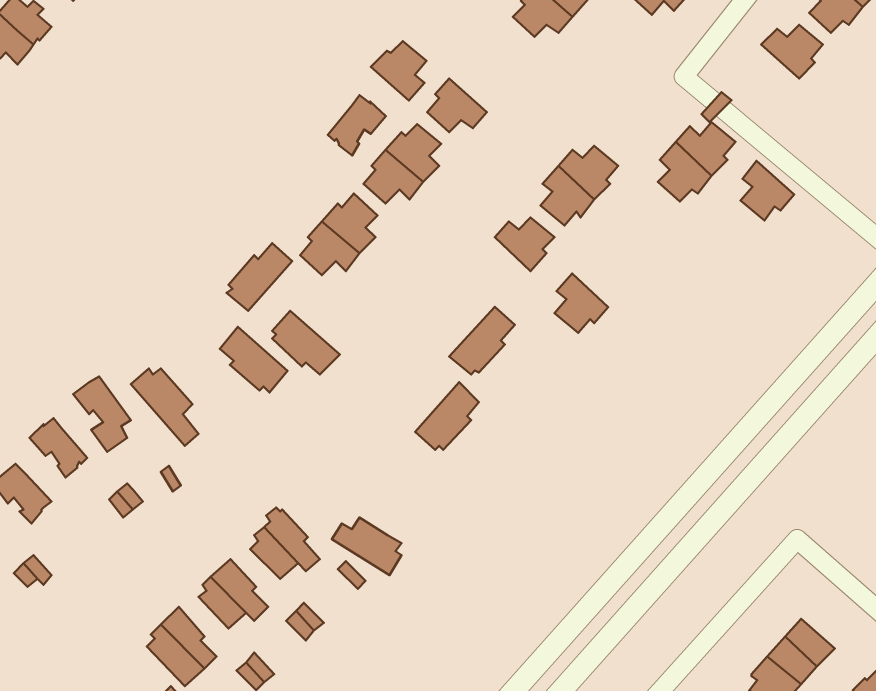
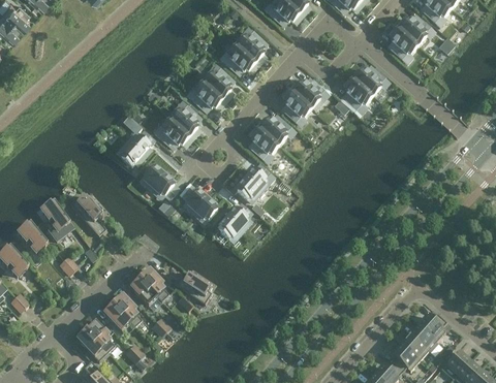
building: [371,41,427,101] -> [235,32,264,63]
building: [328,95,386,155] -> none
building: [741,161,794,220] -> [389,28,416,59]
building: [554,273,608,333] -> [249,128,277,159]
building: [220,327,287,393] -> [181,186,216,220]
building: none -> [417,313,445,342]

